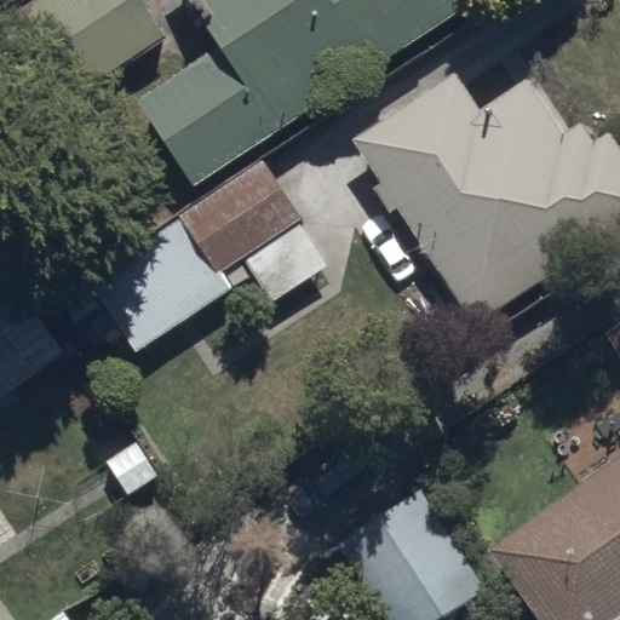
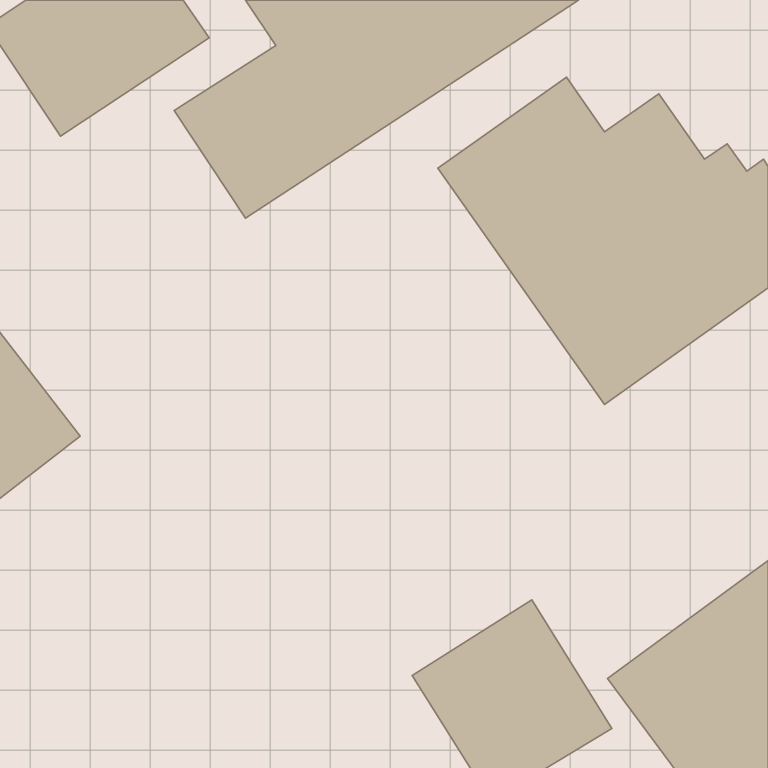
building: [59,162,333,357] -> none

